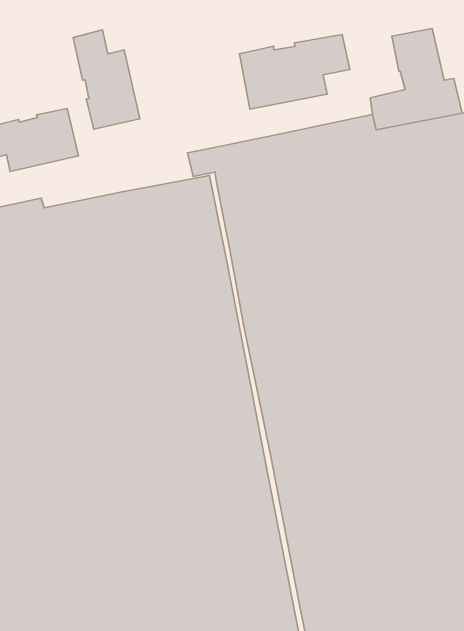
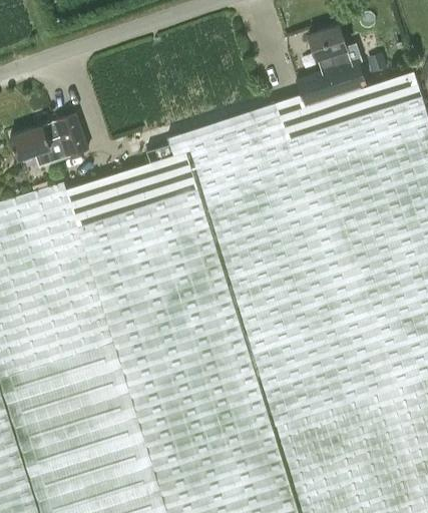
building: [73,30,140,129] -> none
building: [239,35,350,109] -> none

